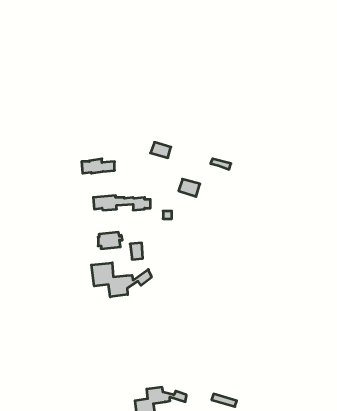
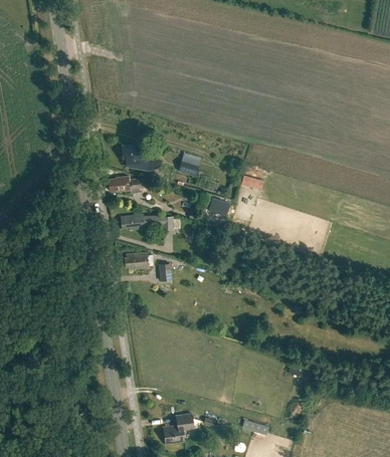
building: none -> [122,145,157,171]
building: [91,263,151,297] -> none

